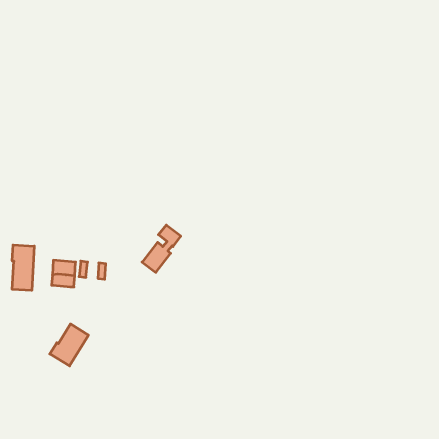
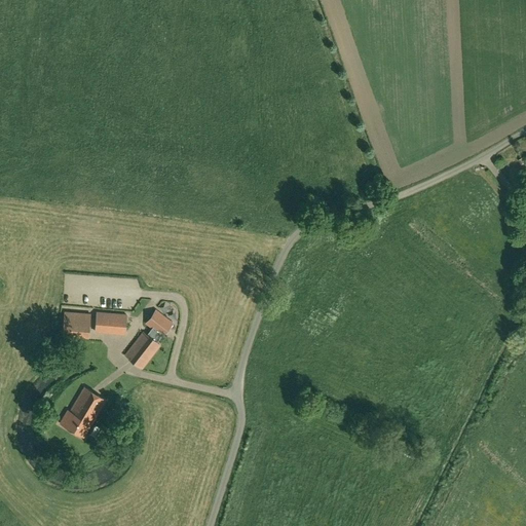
building: [142,225,181,272] -> [125,311,172,368]
building: [12,245,34,290] -> none

